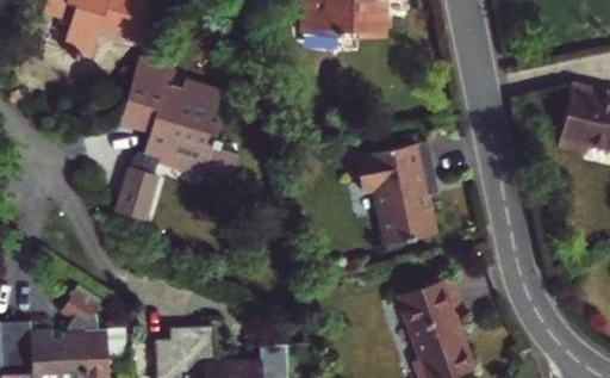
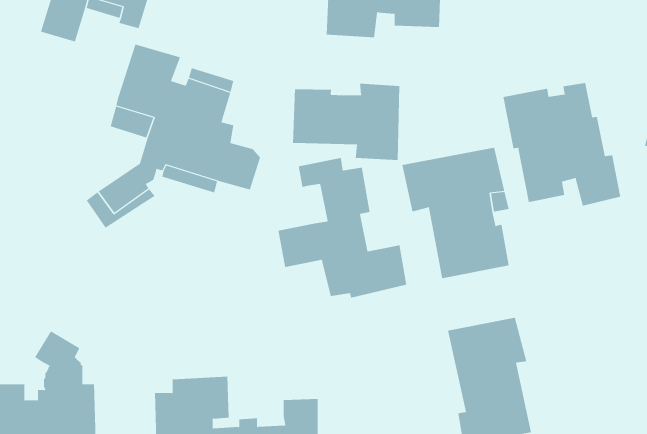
building: none -> [503,82,621,206]
building: none -> [293,83,400,161]
building: none -> [278,157,407,299]

